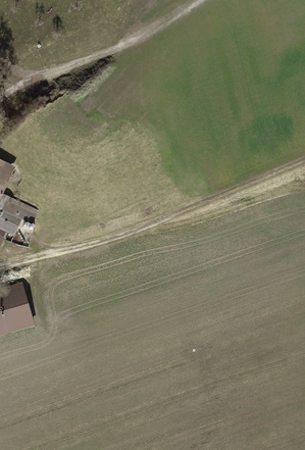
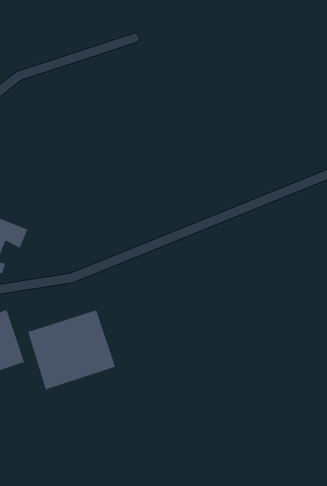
building: none -> [28,309,116,390]

